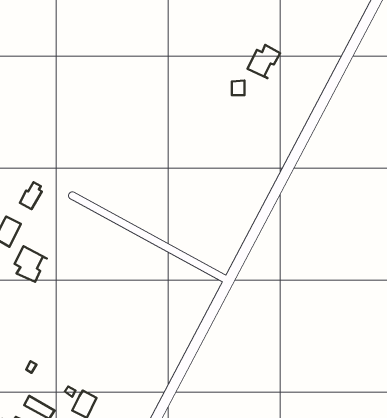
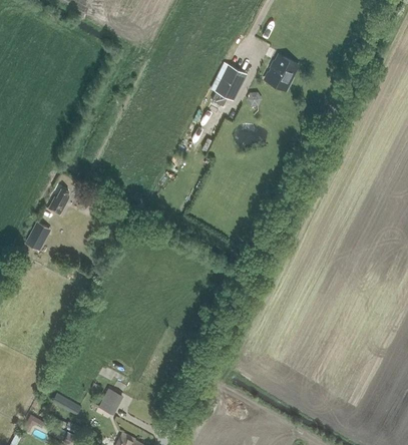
building: none -> [212,66,246,106]
building: [15,246,47,282] -> none

